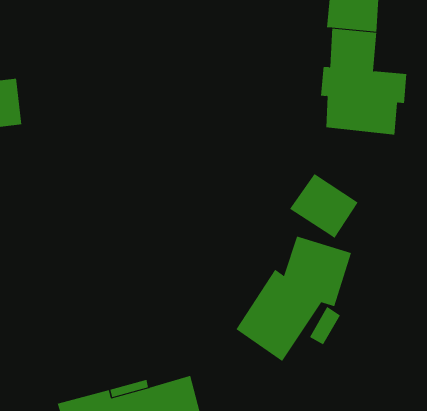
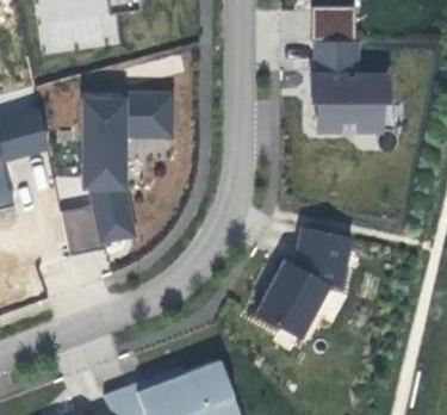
building: none -> [62,92,172,255]
building: [289,173,359,239] -> none

